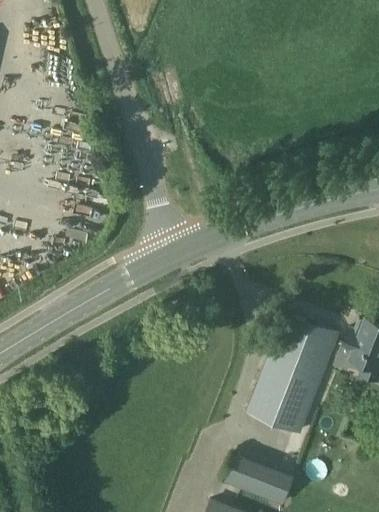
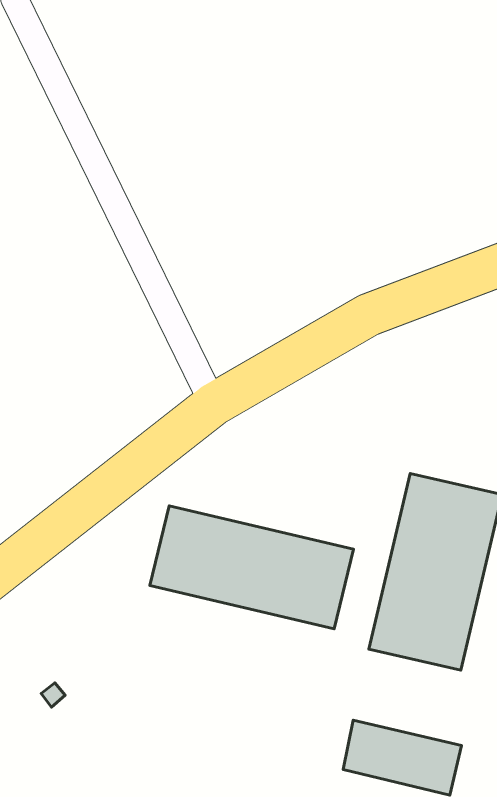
building: none -> [150,506,354,629]

